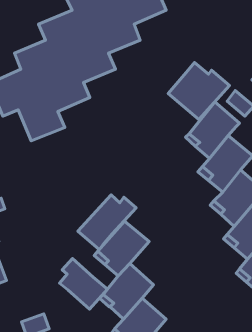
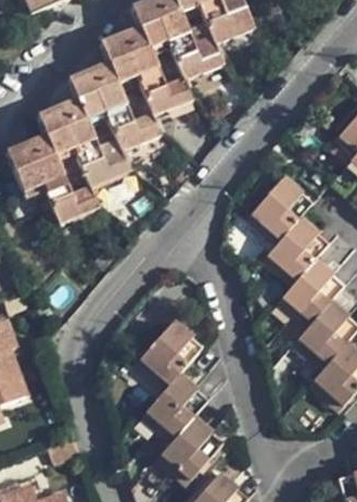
building: [168,63,229,120] -> none
building: [78,195,136,250] -> none
building: [60,258,107,309] -> none

